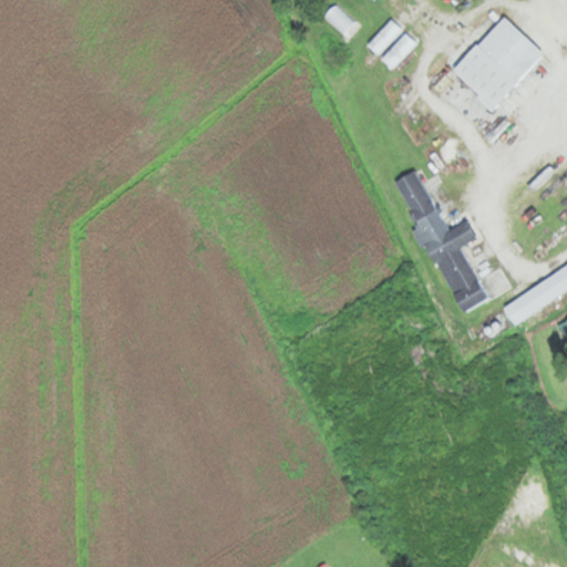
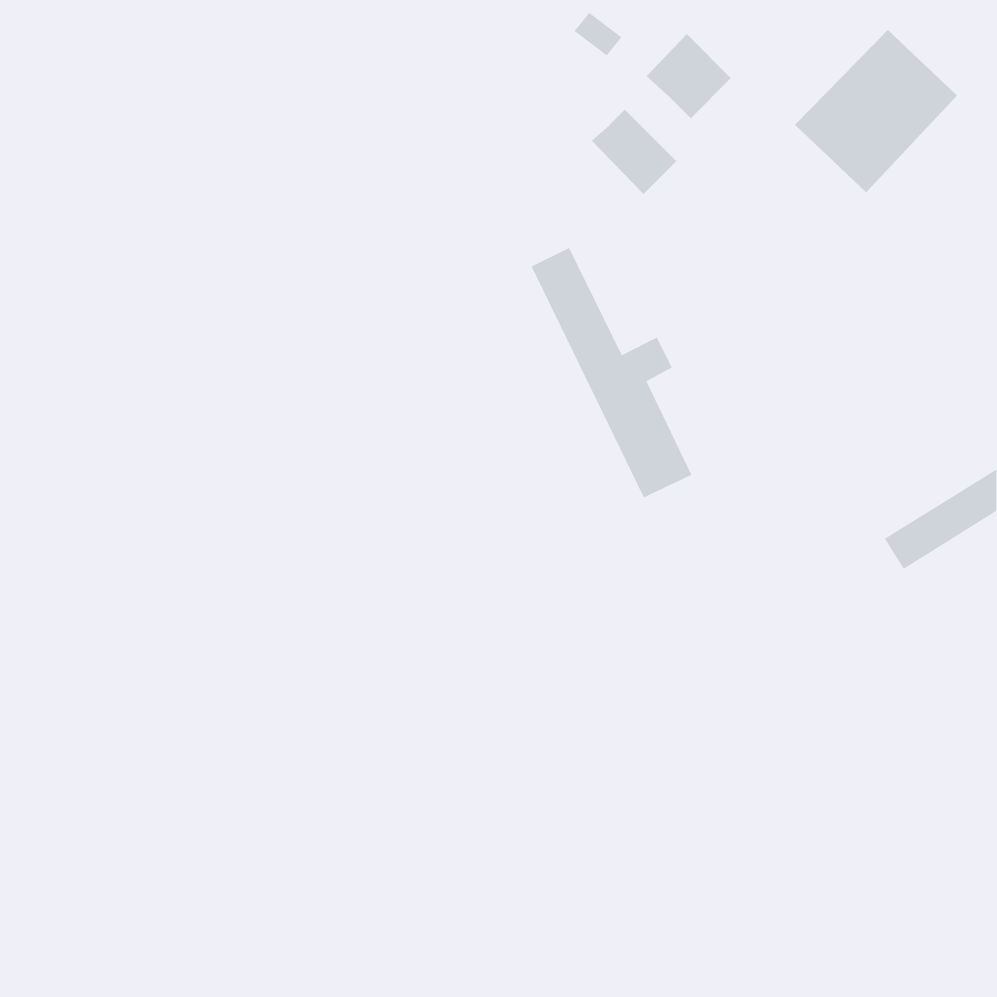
building: none -> [591,109,677,195]
building: [395,169,487,312] -> [530,247,692,498]

